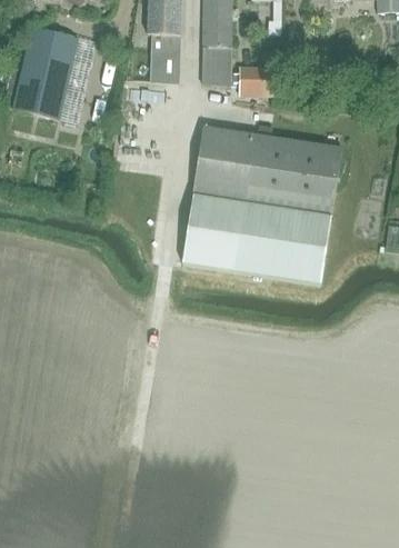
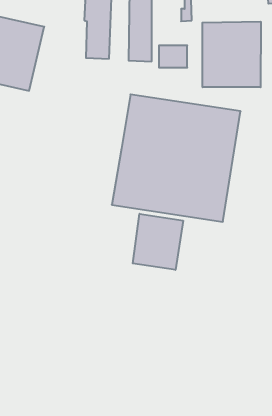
building: none -> [202,22,261,87]
building: none -> [133,214,183,270]

